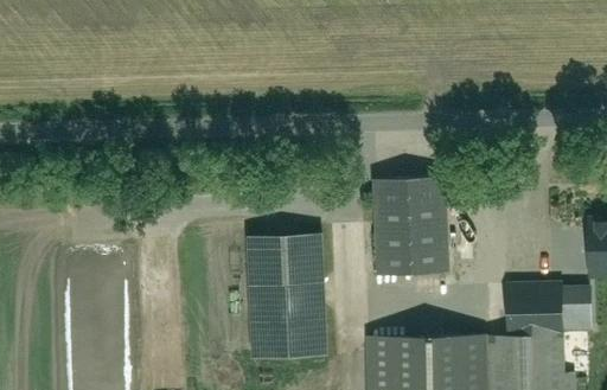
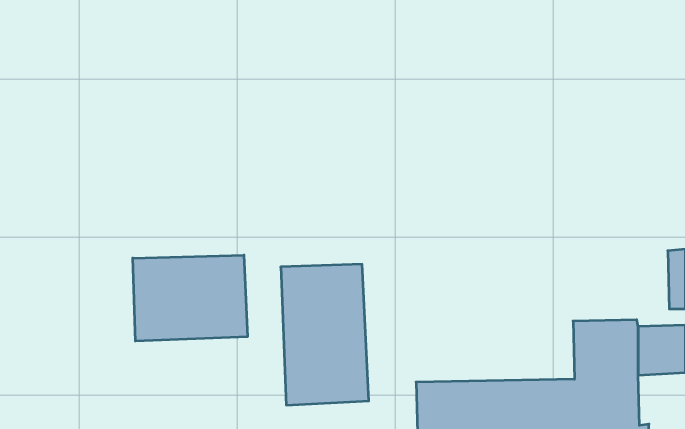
building: [375,179,443,274] -> none
building: none -> [133,255,247,341]

